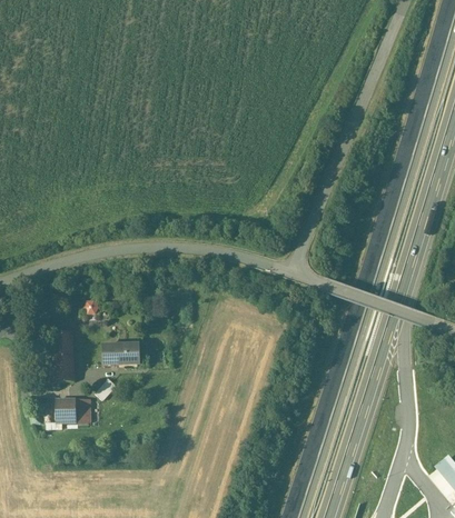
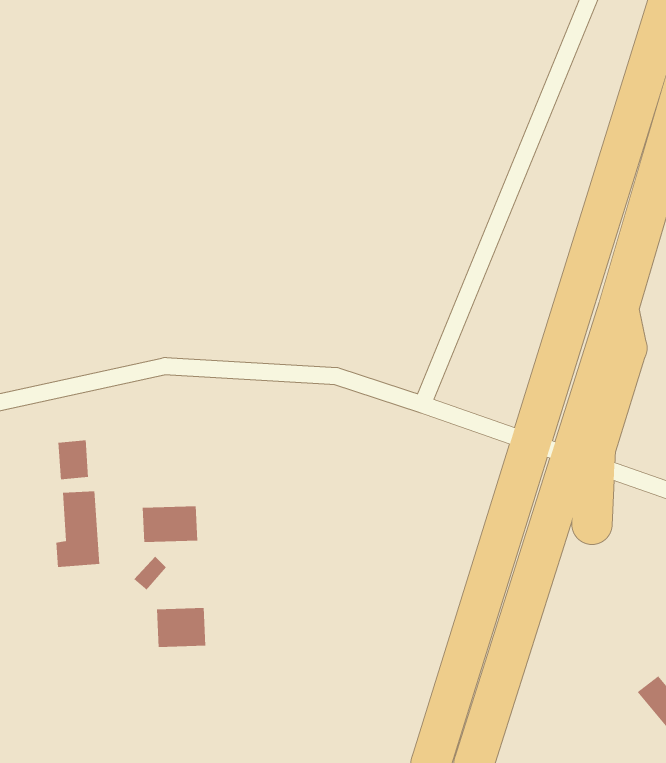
building: none -> [58,440,89,480]
building: [51,397,85,424] -> [156,608,206,648]

